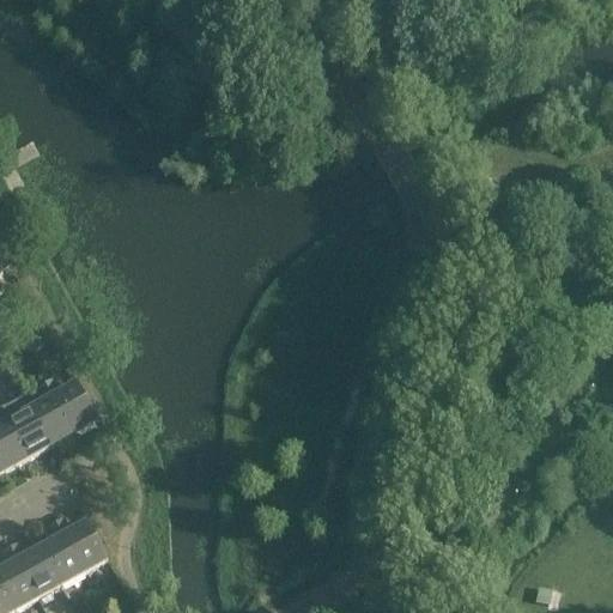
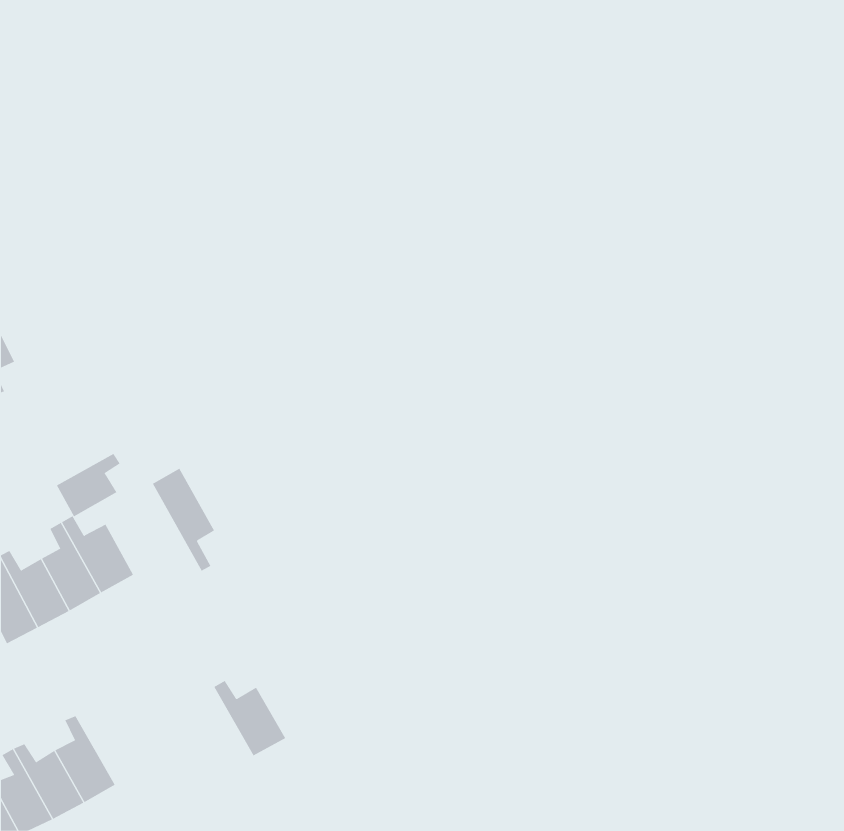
building: none -> [56,453,121,517]
building: none -> [152,468,215,571]
building: [55,514,108,569] -> [214,680,286,756]

